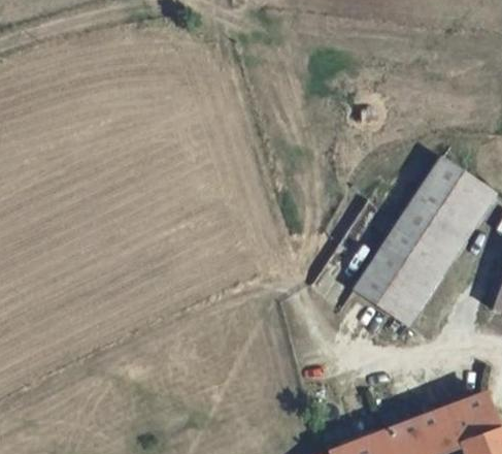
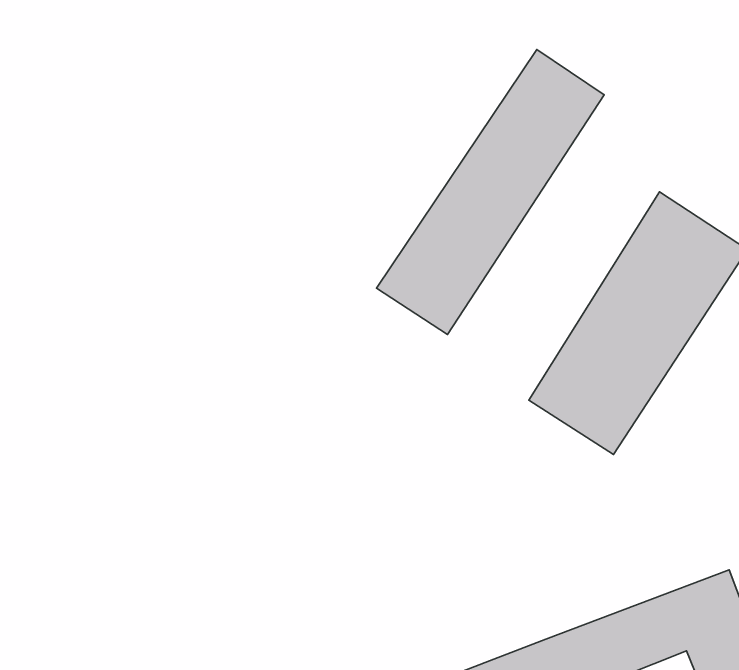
building: none -> [377,50,604,334]

